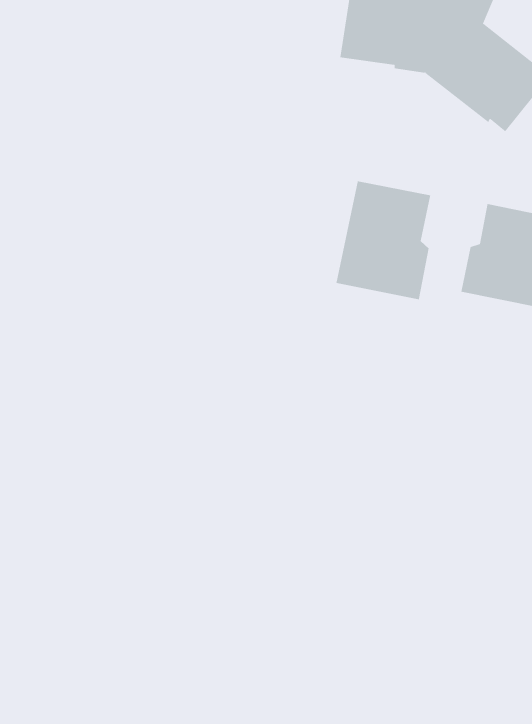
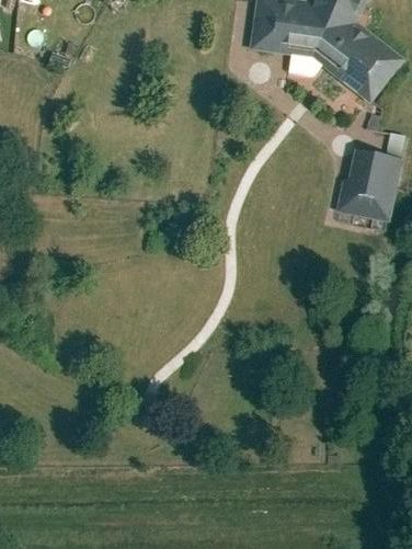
building: [336,181,431,300] -> none

